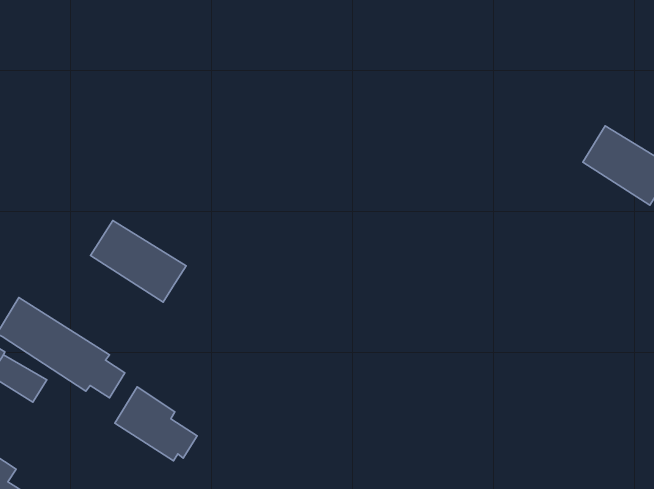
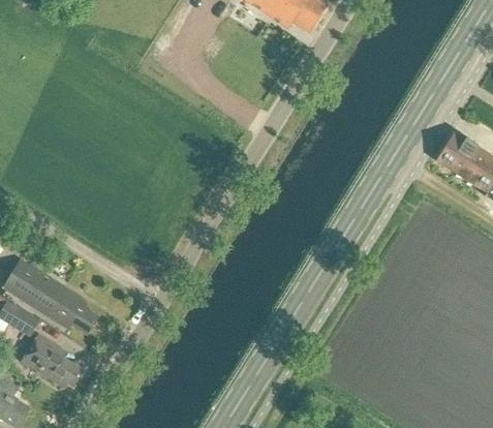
building: [90,221,186,302] -> none
building: [115,387,197,461] -> [22,333,83,388]

